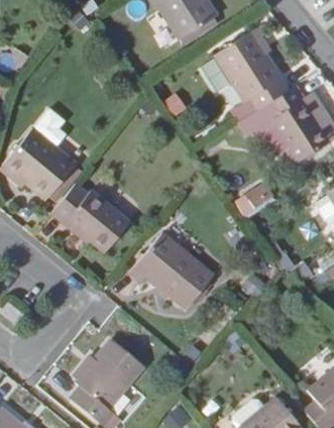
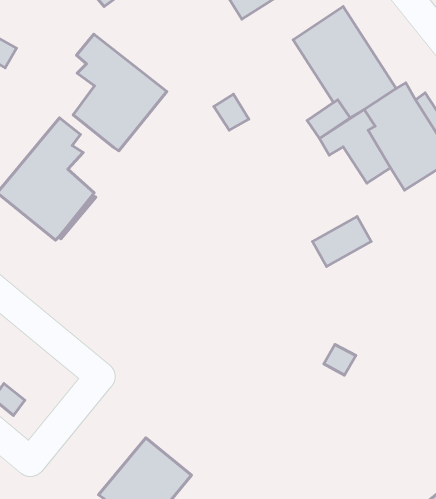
building: none -> [73,34,167,151]
building: [49,183,130,252] -> none
building: [130,233,214,310] -> none

